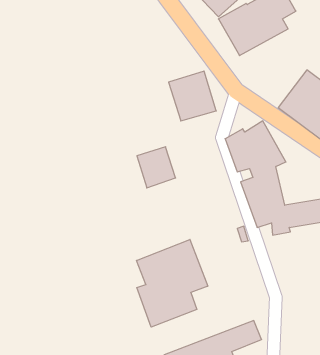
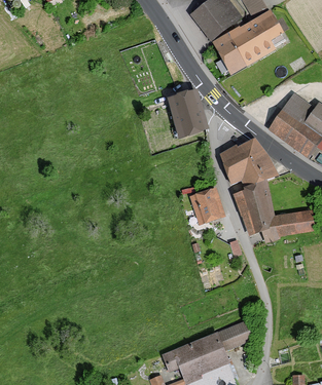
building: [137,147,176,188] -> [189,187,225,225]
building: [137,239,208,327] -> none

